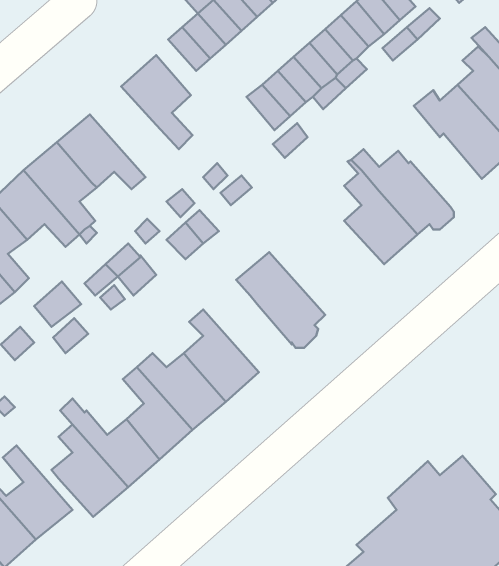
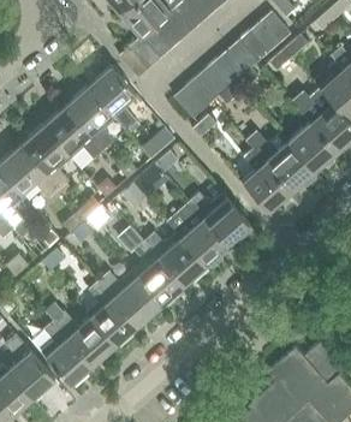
building: none -> [66,88,115,150]
building: none -> [287,120,337,171]
building: none -> [190,191,251,245]
building: none -> [144,232,206,285]

